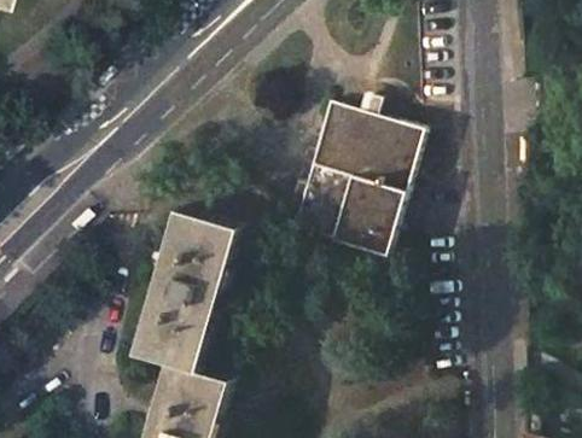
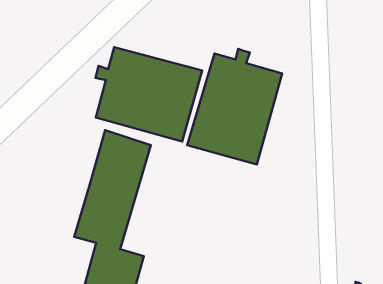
building: none -> [95,47,202,142]

